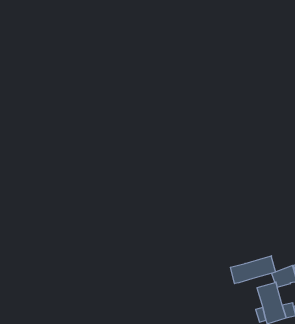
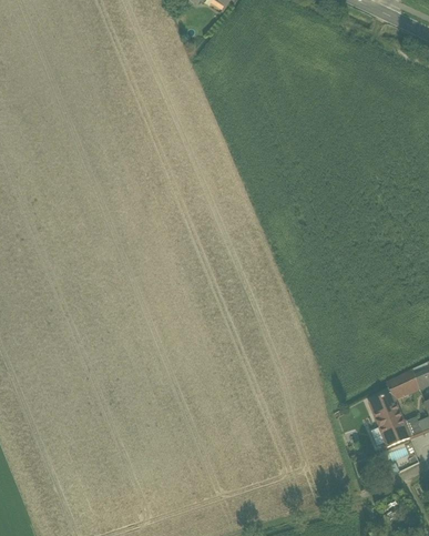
building: [230,256,275,284] -> none

